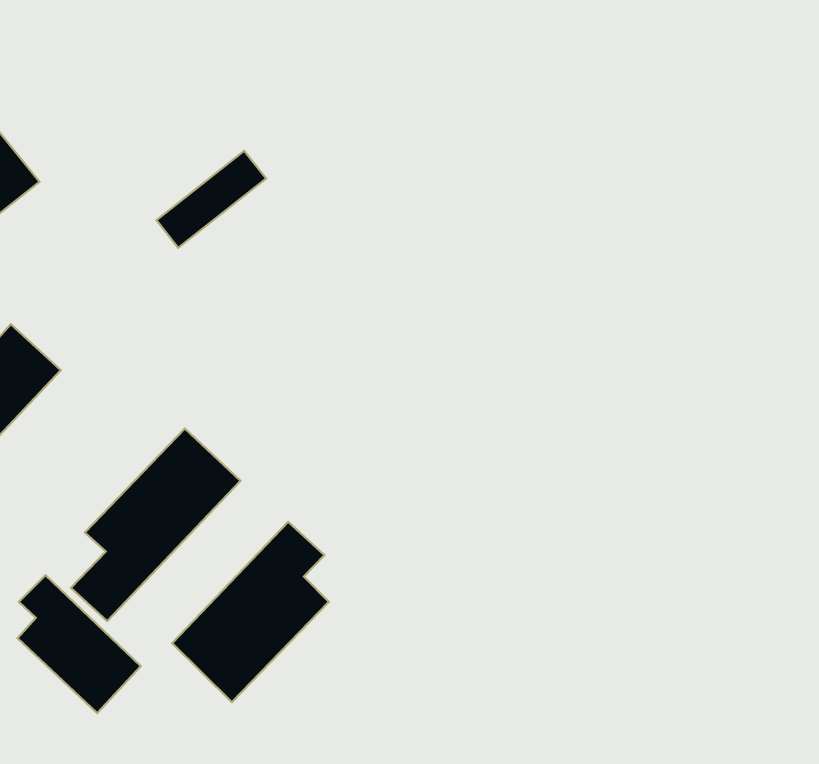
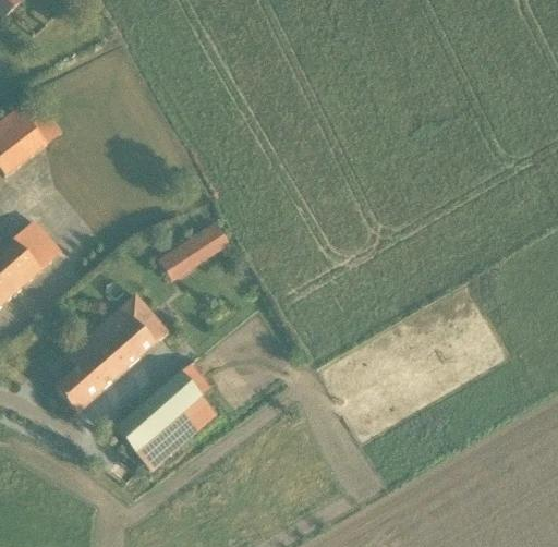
building: [156,151,266,248] -> [158,223,229,280]
building: [18,575,141,713] -> none

